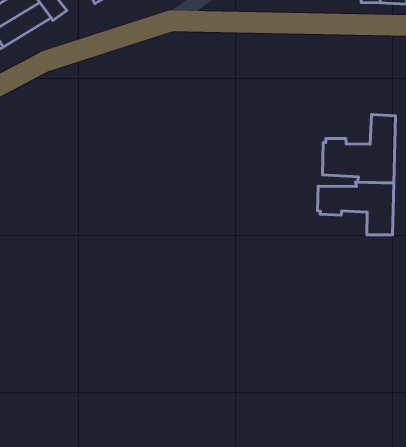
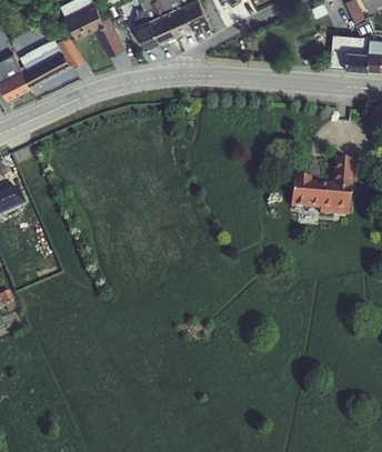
building: [318,182,394,235] -> none

